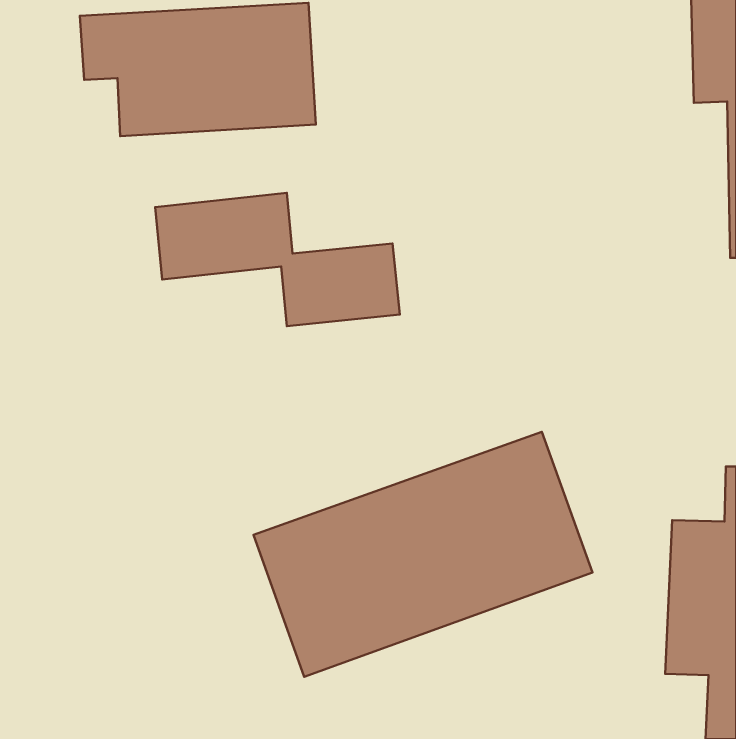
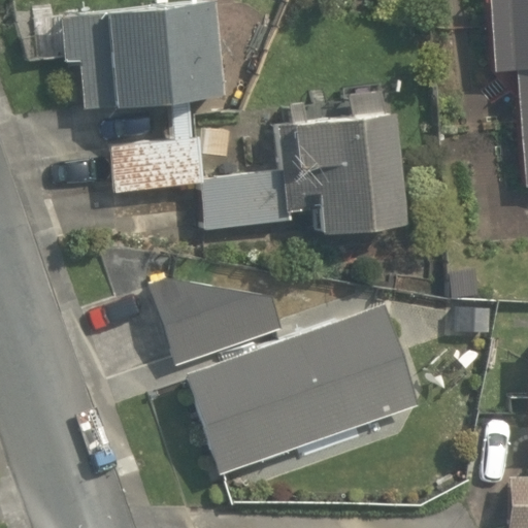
building: none -> [296,112,407,218]
building: none -> [151,277,274,363]

